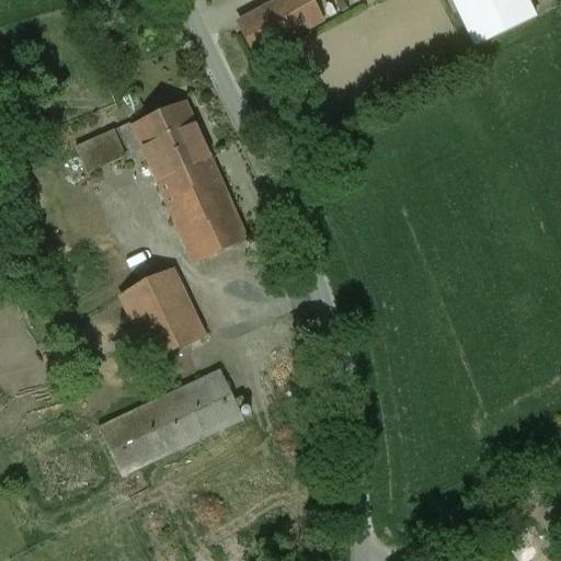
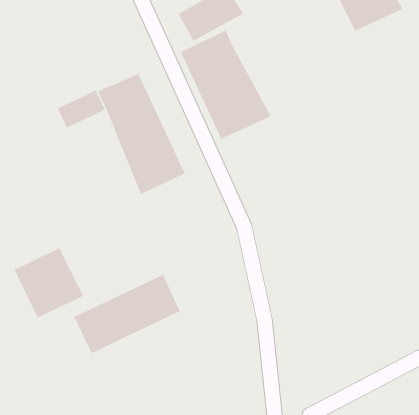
building: none -> [180,30,272,140]
building: [112,265,206,360] -> [13,247,84,319]

